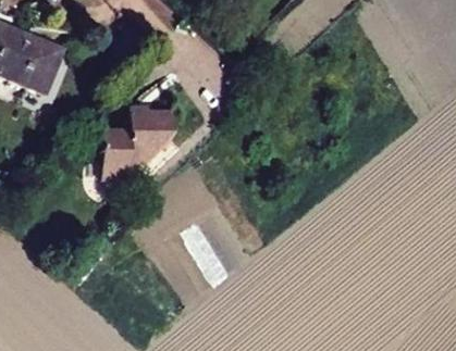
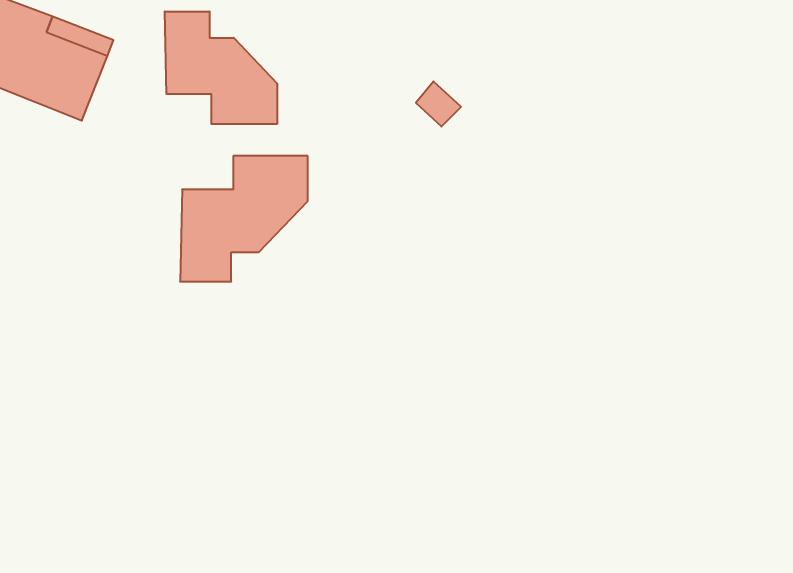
building: none -> [165,11,277,124]

